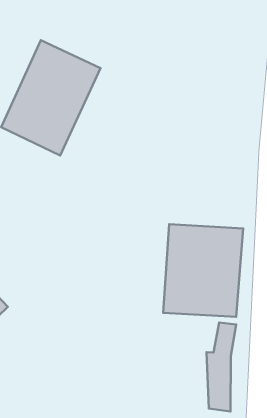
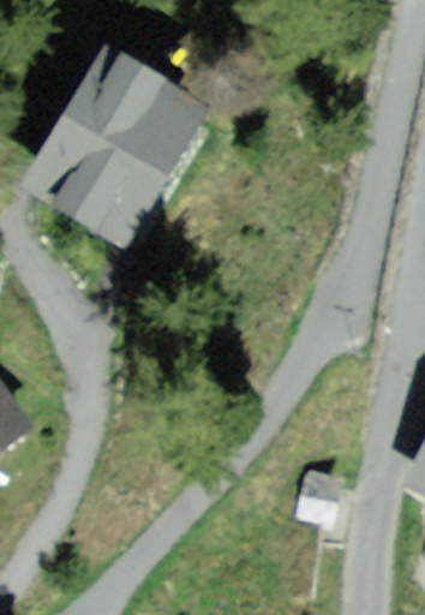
building: [163,224,243,317] -> none

